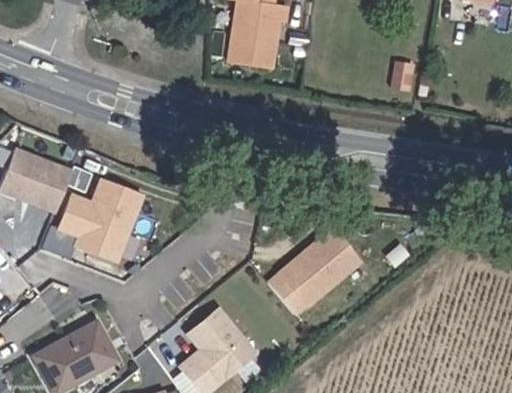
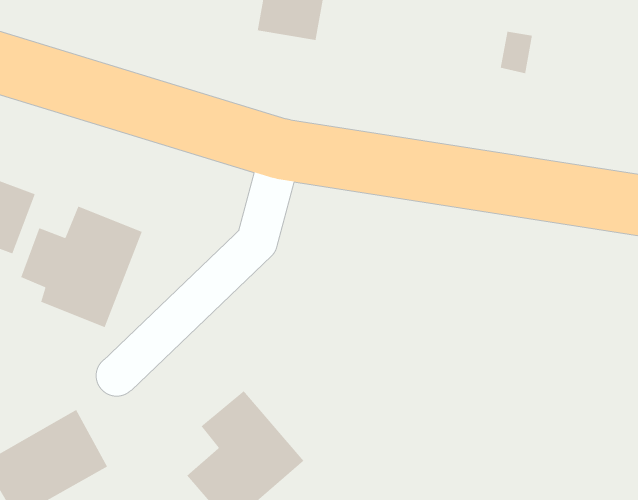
building: [269,225,364,316] -> none

